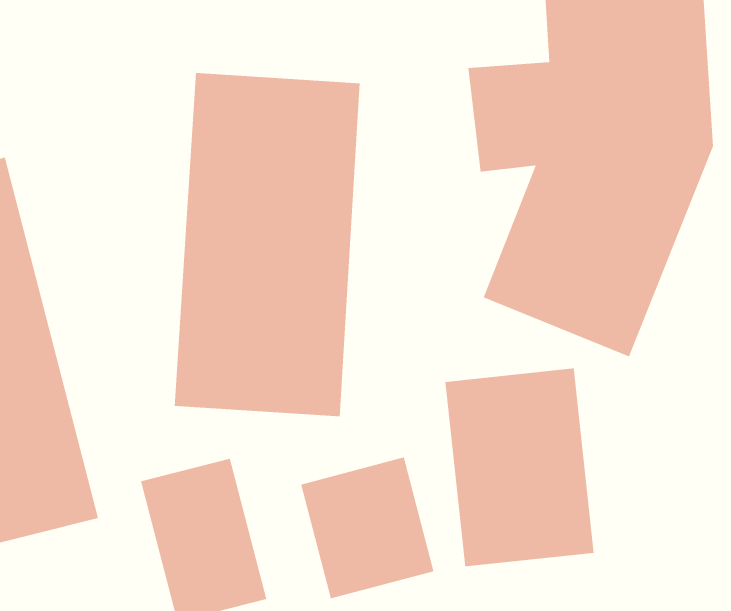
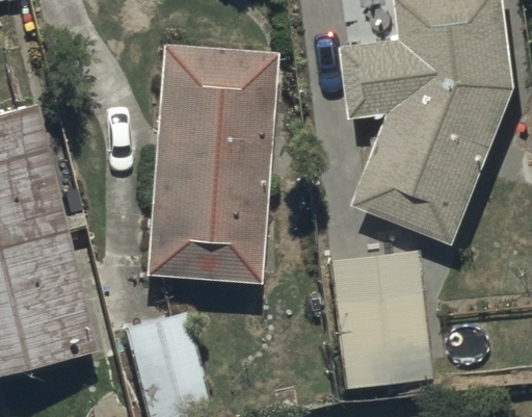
building: [300,457,434,599] -> none

